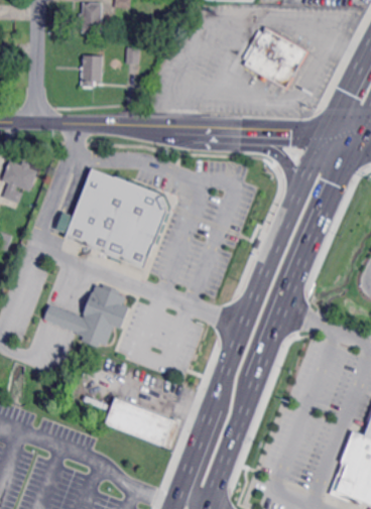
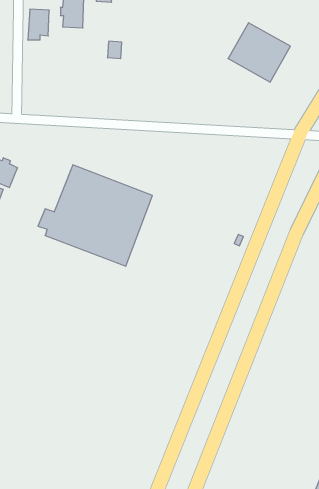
building: [82,55,103,86] -> [28,9,49,40]
building: [43,284,131,348] -> none
building: [106,397,180,449] -> none

